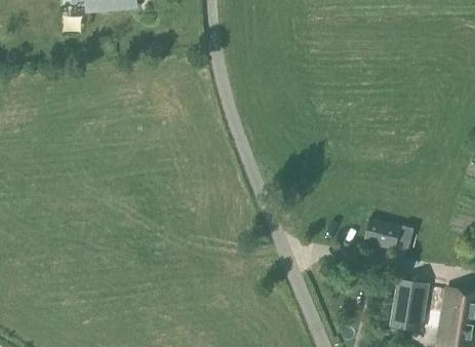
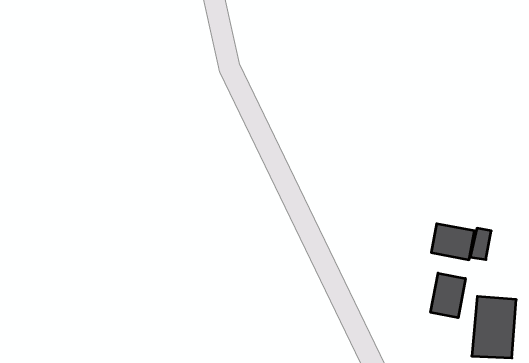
building: none -> [431,273,465,318]

